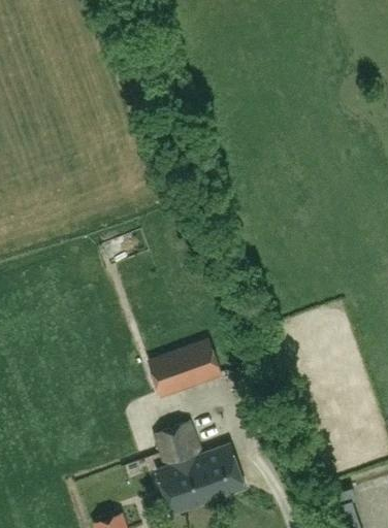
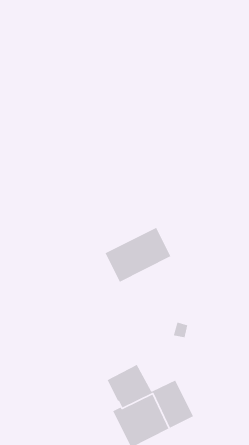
building: [149,339,222,396] -> [105,227,171,283]

